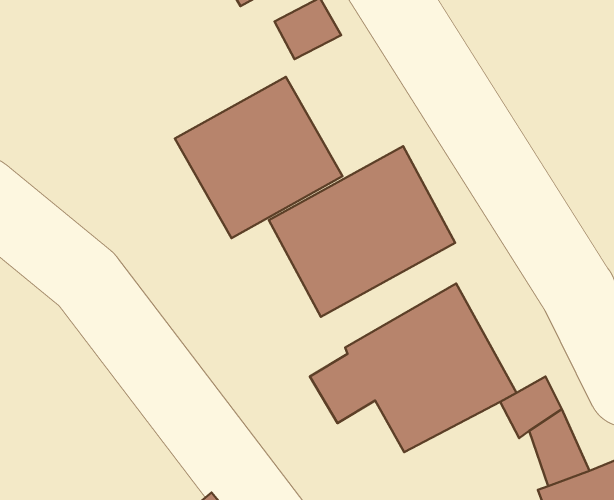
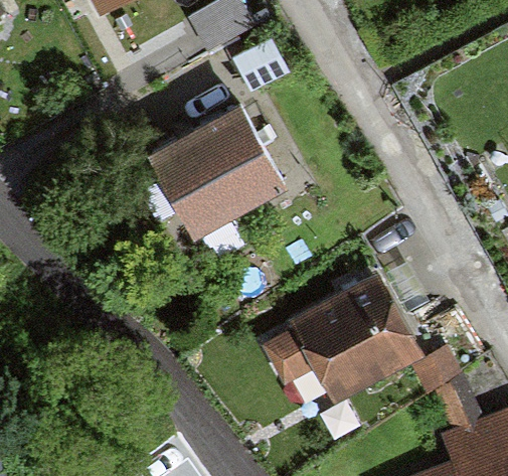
building: [269,146,455,317] -> none

